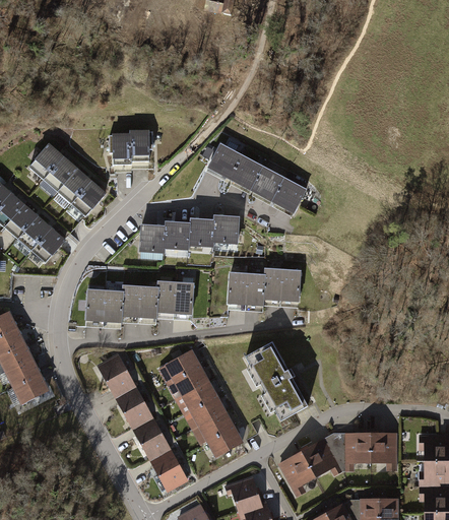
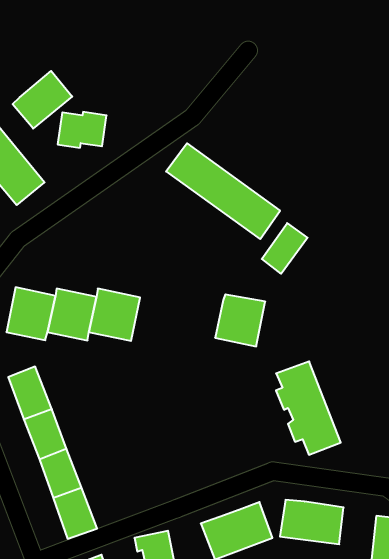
building: none -> [13,71,72,129]
building: none -> [262,223,308,274]
building: [135,218,236,256] -> none
building: [230,270,266,309] -> none
building: [251,339,314,417] -> [276,361,341,455]
building: [164,348,245,457] -> none

